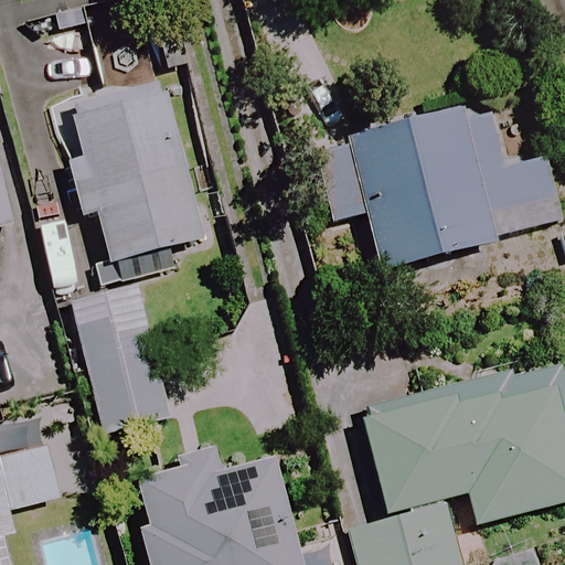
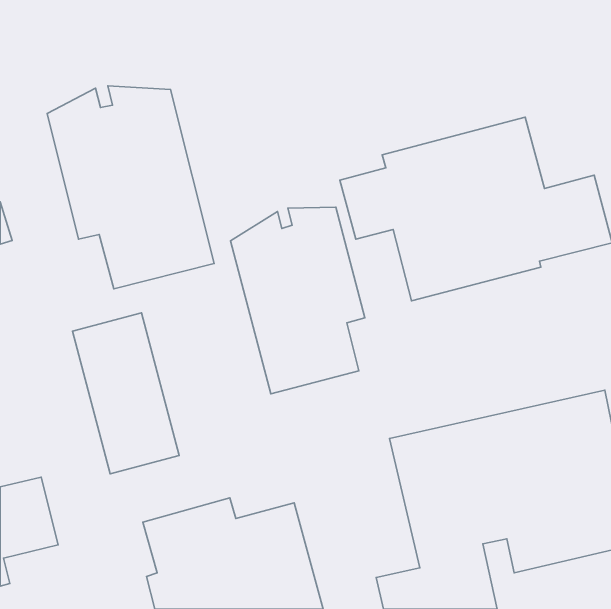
building: none -> [230,207,365,394]

